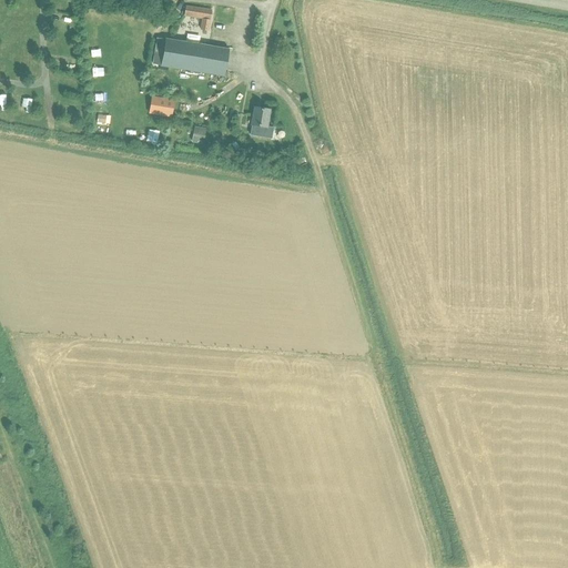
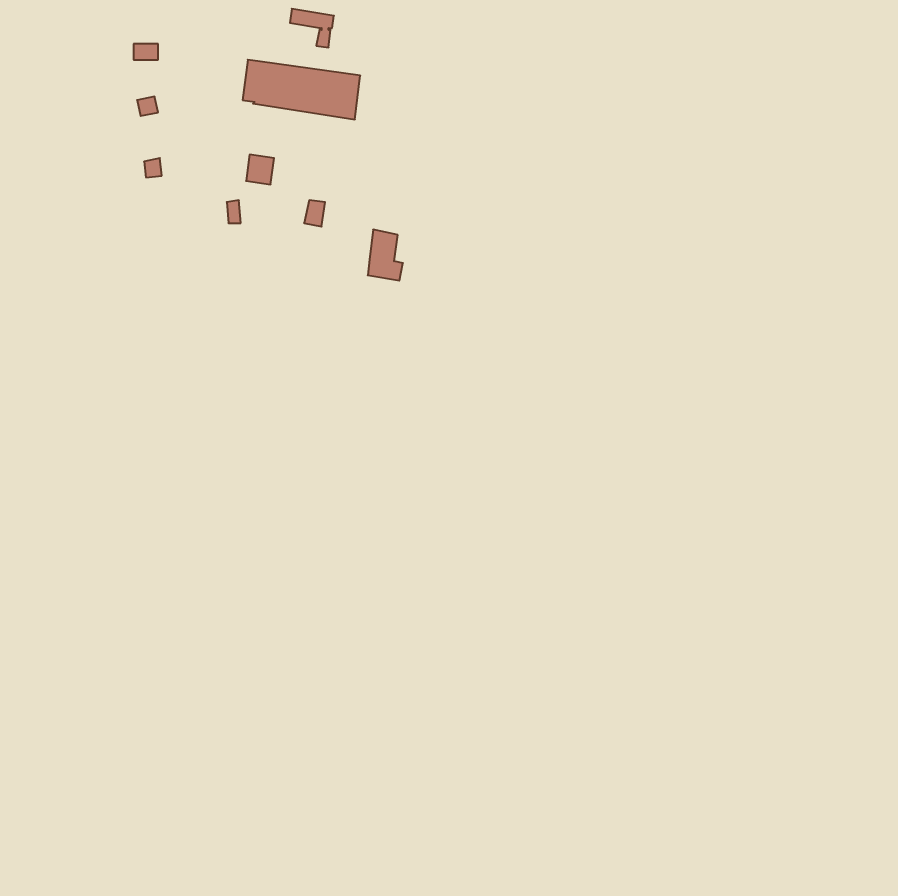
building: [251,105,273,138] -> [368,230,403,281]

